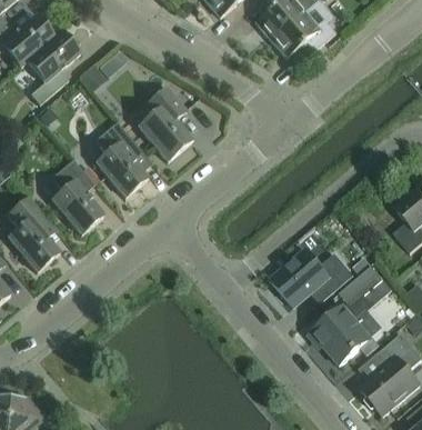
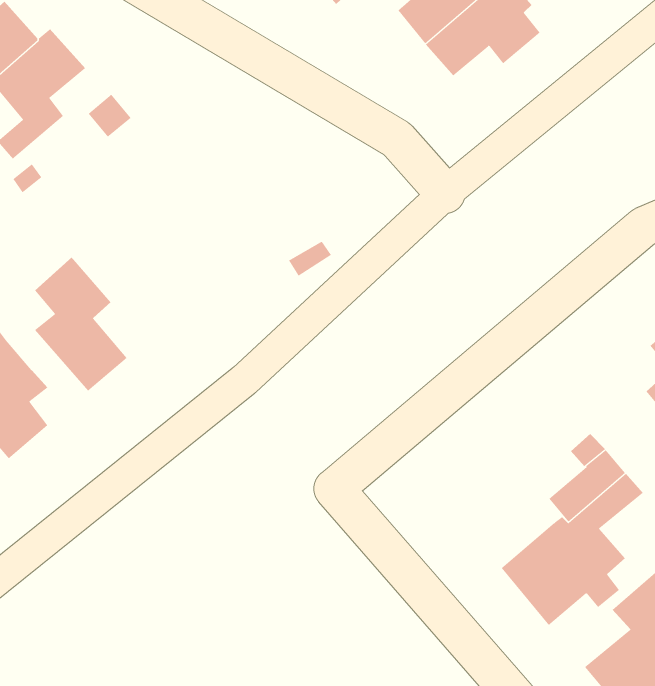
building: [138,87,191,160] -> none
building: [94,121,148,197] -> none
building: [270,249,352,306] -> none

